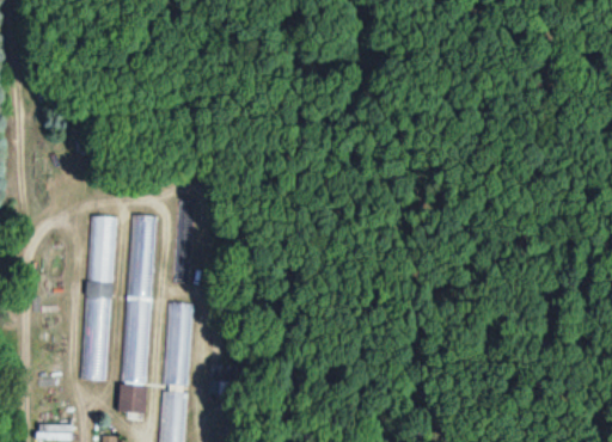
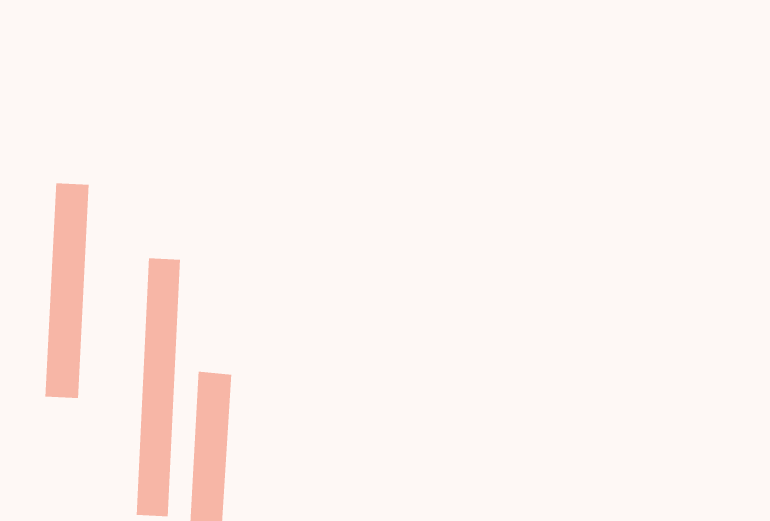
building: [81,215,116,381] -> [45,183,90,399]

